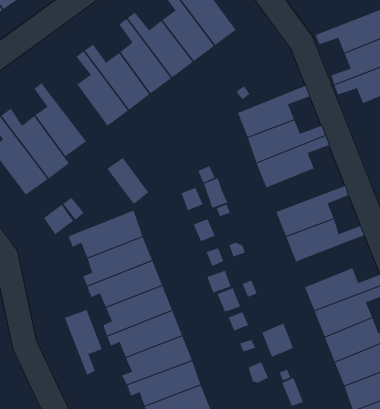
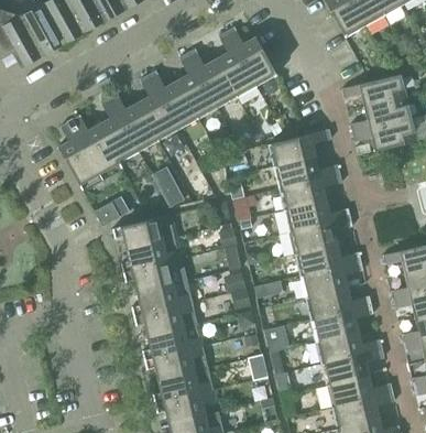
building: none -> [109,93,159,151]
building: none -> [284,199,351,231]
building: none -> [301,261,363,297]
building: [64,309,103,375] -> none

